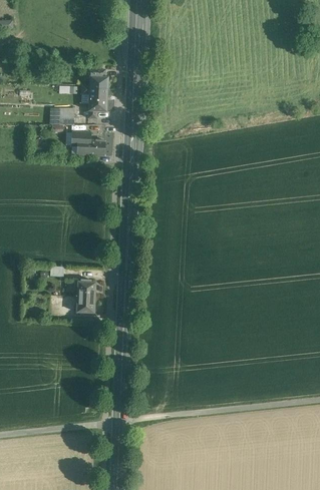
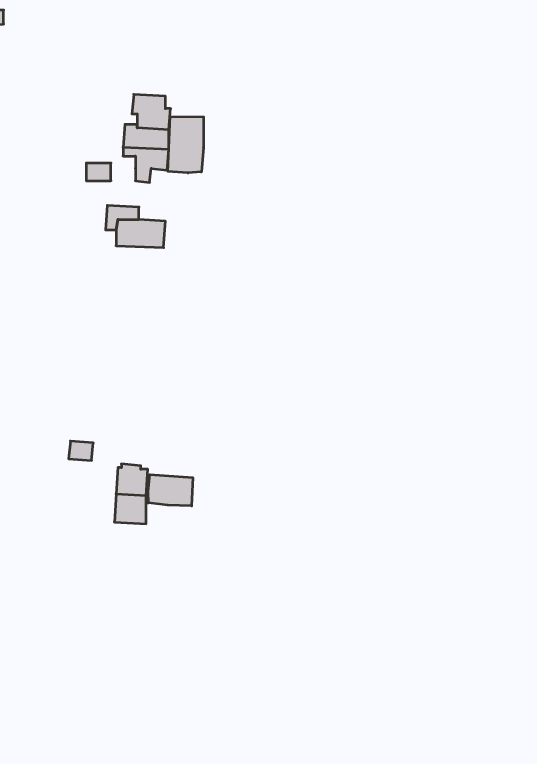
building: none -> [168,117,204,173]
building: none -> [148,475,193,506]

